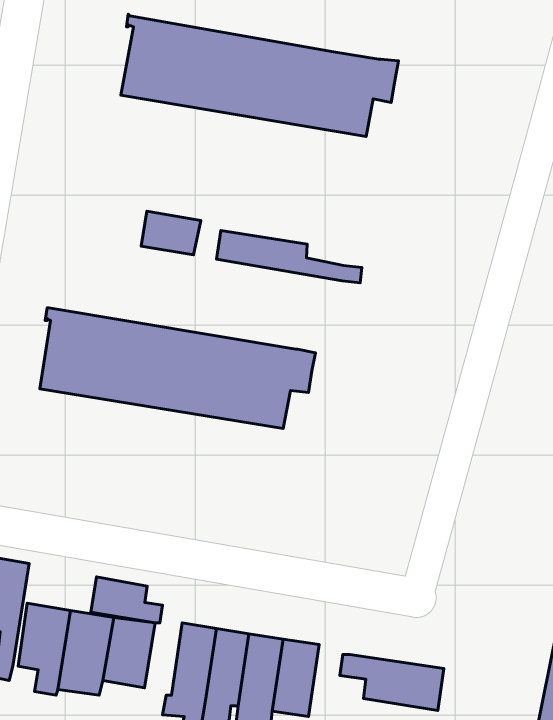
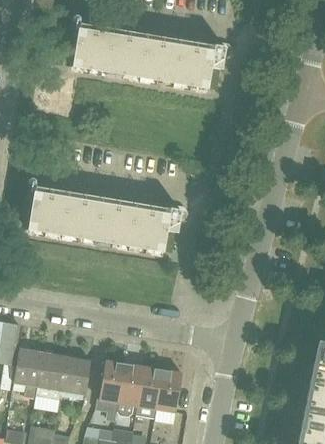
building: [141,211,201,255] -> none
building: [216,230,362,283] -> none
building: [91,577,163,623] -> none
building: [340,654,444,711] -> none

